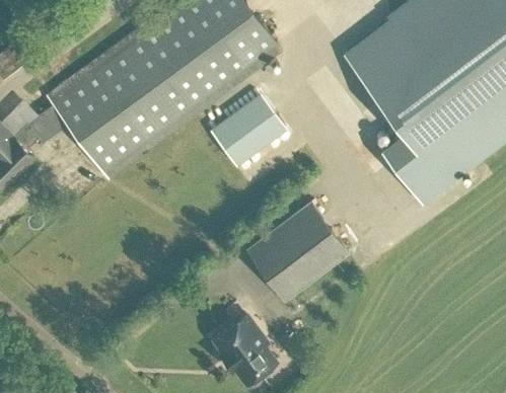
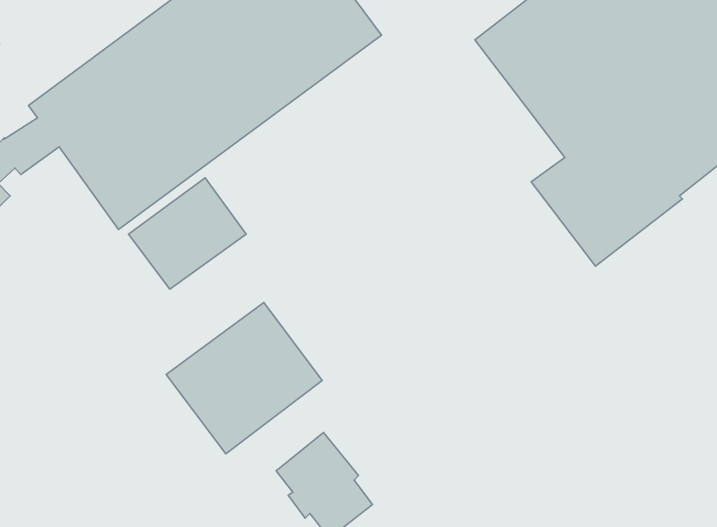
building: [210,93,288,167] -> [129,178,246,289]
building: [244,202,348,302] -> [166,303,322,454]

